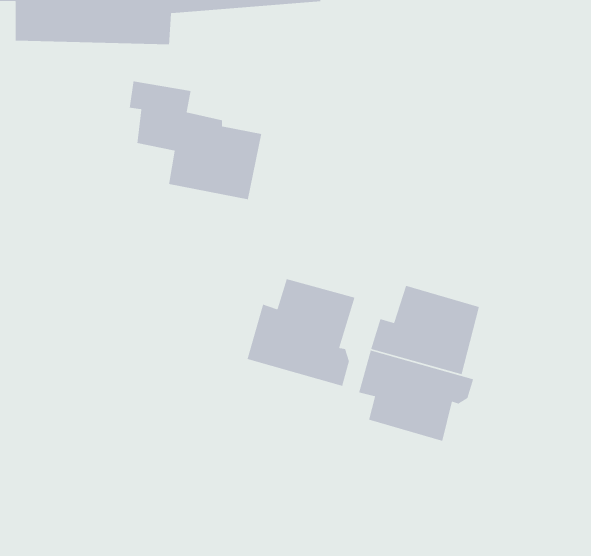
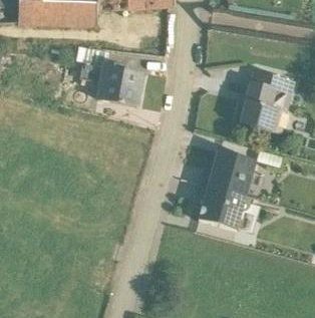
building: none -> [234,69,294,134]
building: [246,278,355,387] -> none

